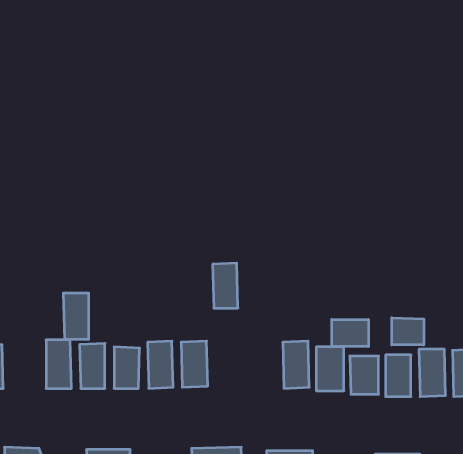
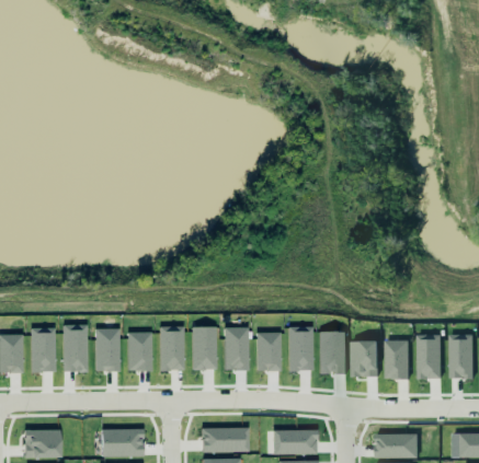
building: [213,263,238,308] -> [225,327,249,370]
building: [63,293,89,339] -> [31,328,55,372]
building: [392,318,424,345] -> none
building: [332,319,368,347] -> none
building: none -> [256,333,282,371]

